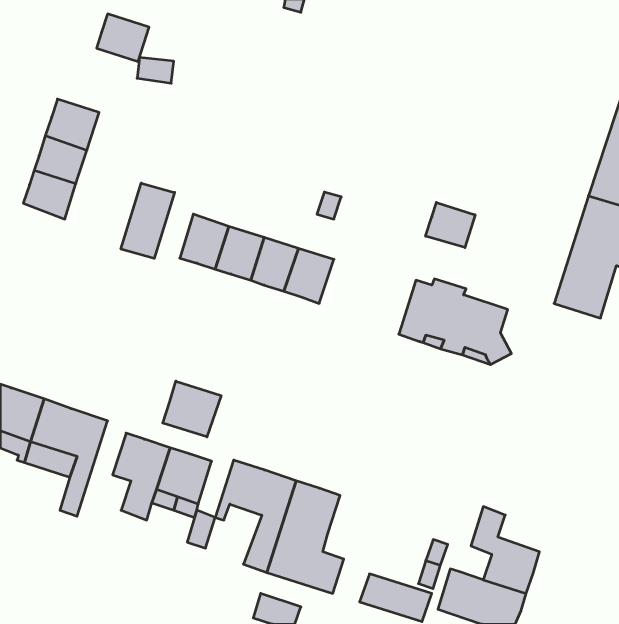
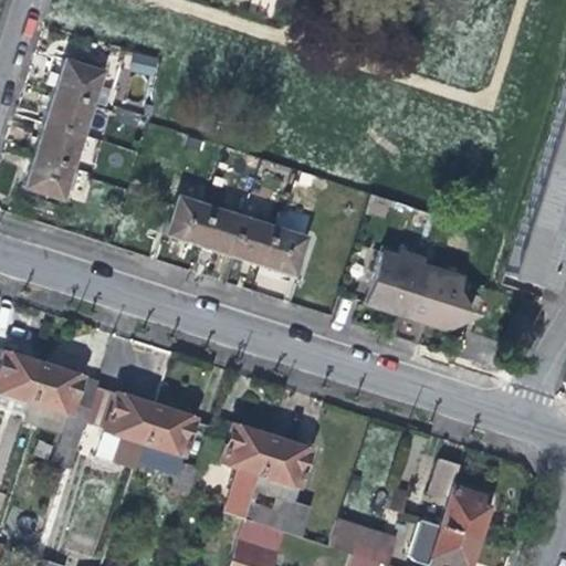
building: [97,14,149,62] -> [57,59,105,102]
building: [121,183,175,258] -> none
building: [426,202,475,248] -> none
building: [163,381,221,437] -> none

